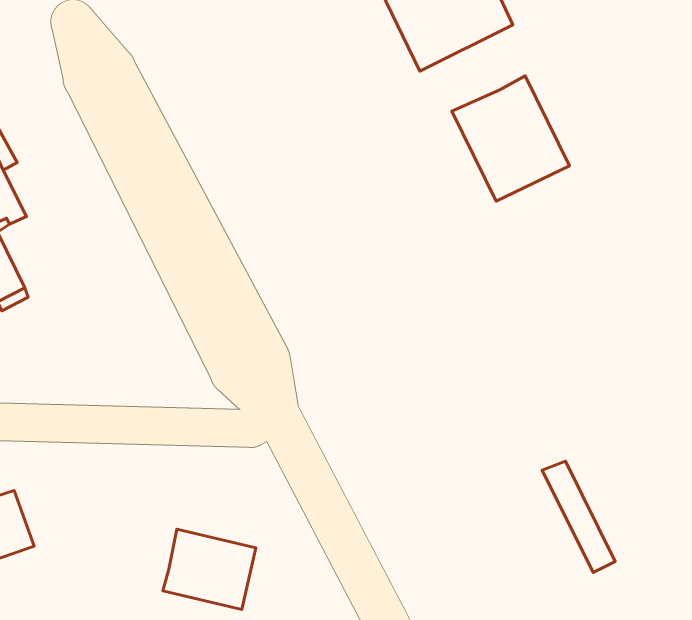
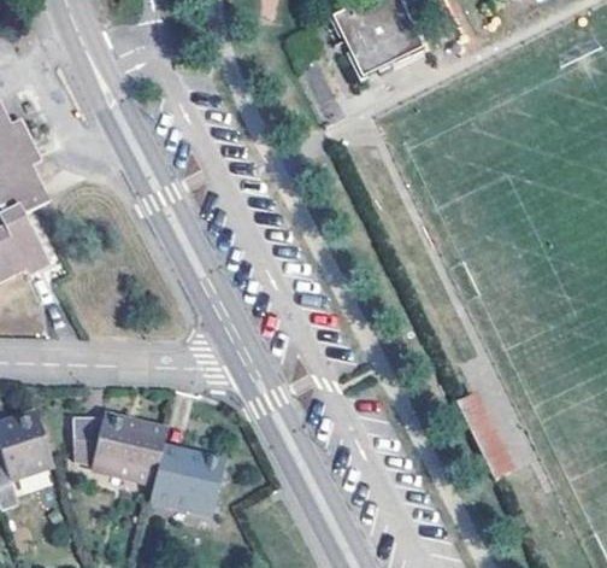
building: [452,76,569,201] -> none
building: none -> [75,416,166,478]

